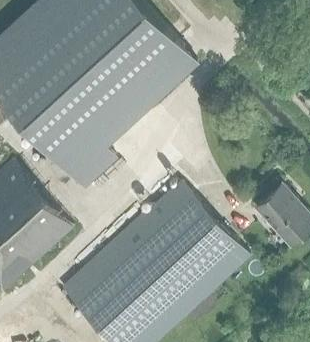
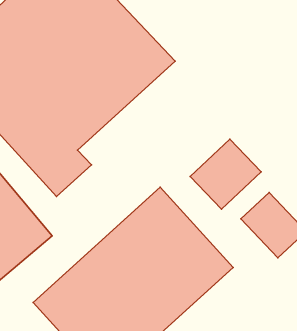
building: none -> [190,139,261,209]

